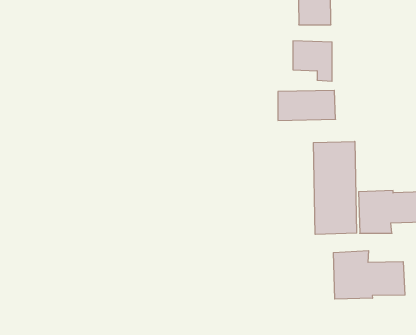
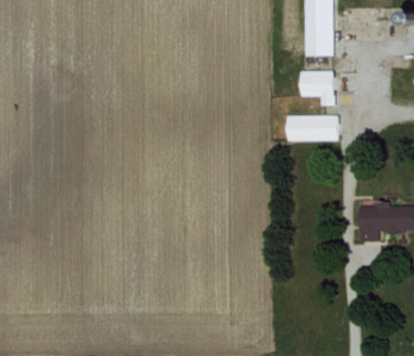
building: [313,141,357,234] -> none
building: [333,251,405,299] -> none

